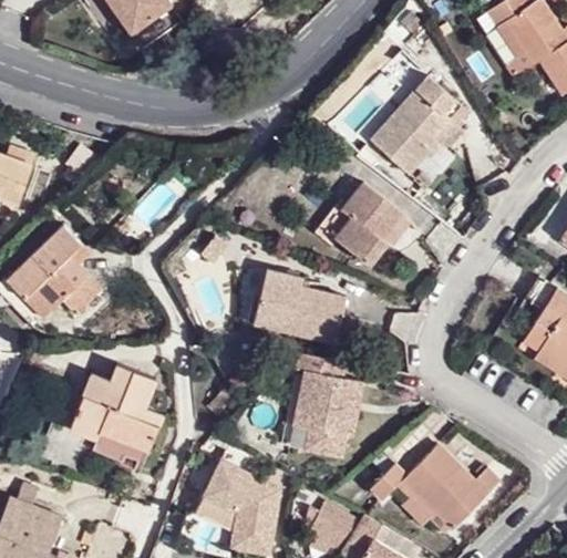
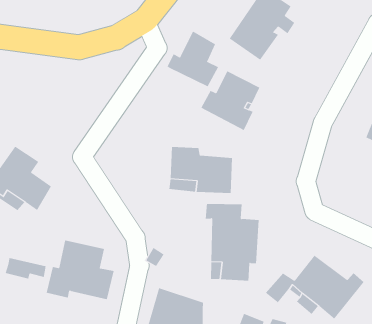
building: none -> [167,31,219,87]
building: [93,434,150,468] -> [5,257,47,279]

